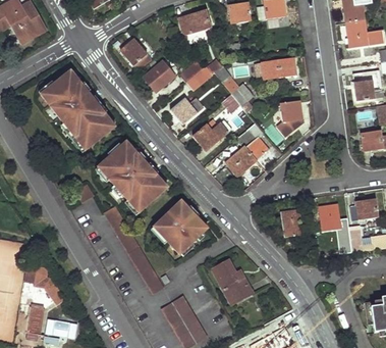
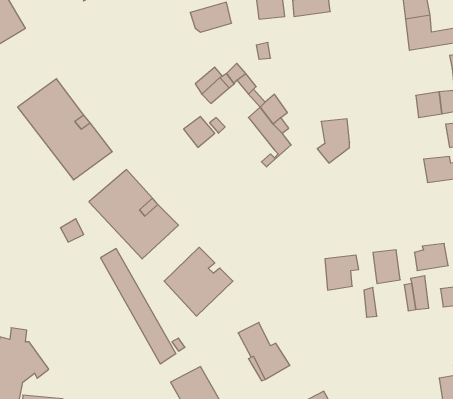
building: [122,39,151,70] -> none
building: [255,58,296,81] -> none
building: [145,61,174,91] -> none
building: [192,118,232,151] -> none
building: [226,137,271,177] -> none

